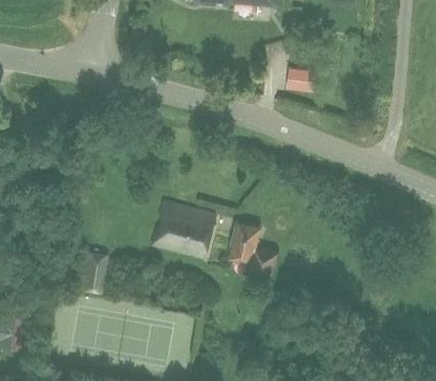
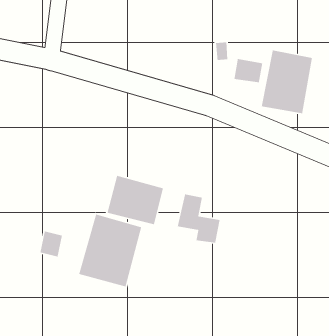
building: none -> [261,49,313,114]
building: none -> [78,214,142,287]

